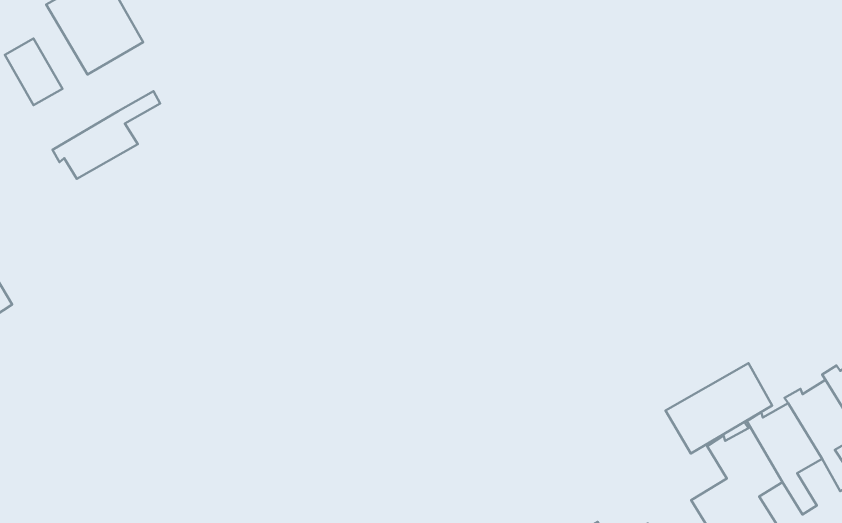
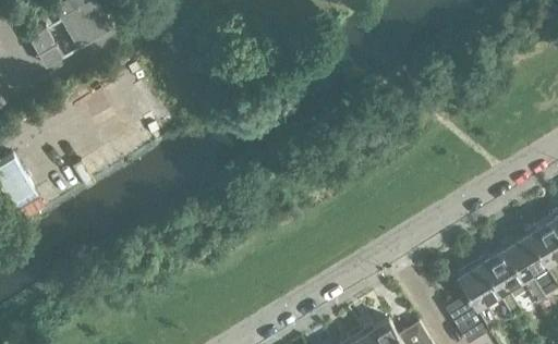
building: [53,91,160,179] -> none
building: [665,363,772,454] -> none

